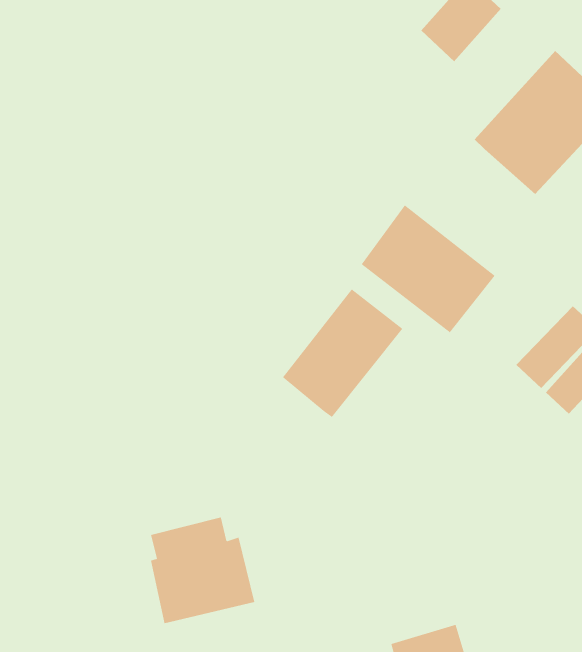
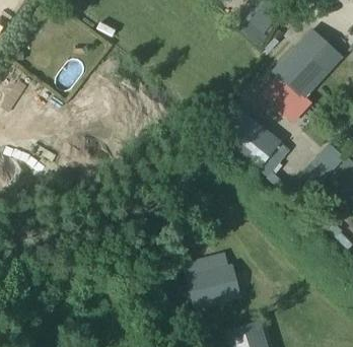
building: none -> [261,78,302,118]
building: [282,289,403,418] -> none
building: [150,517,255,624] -> [188,255,241,309]

